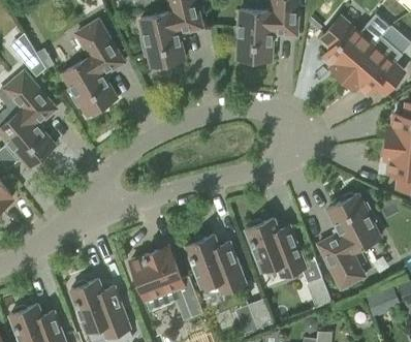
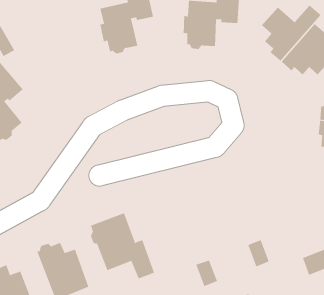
building: [62,21,124,116] -> none
building: [318,194,380,289] -> none
building: [246,219,305,278] -> none
building: [186,236,245,294] -> none

